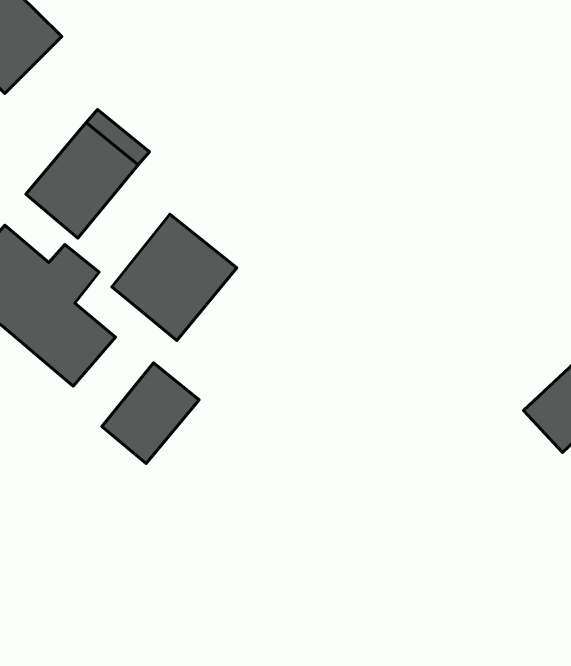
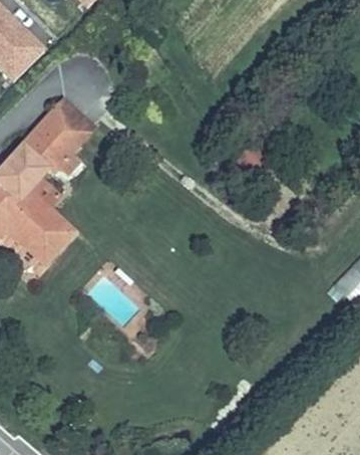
building: [112,214,237,341] -> none
building: [102,363,199,464] -> none

